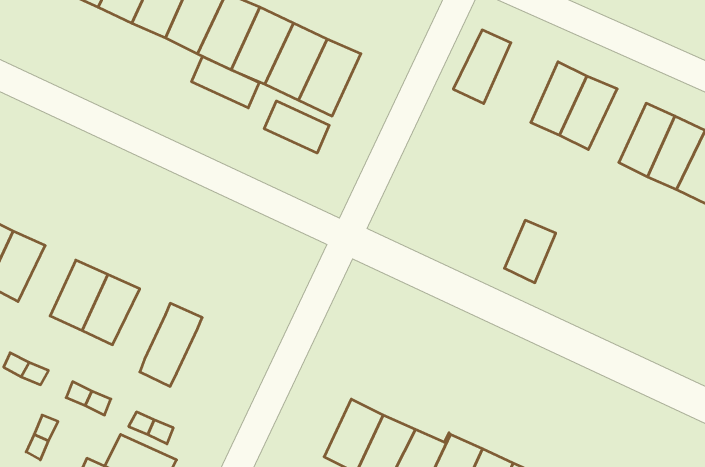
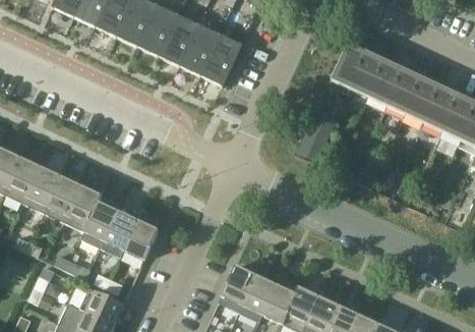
building: [453,30,511,104] -> [331,42,367,89]
building: [192,56,259,108] -> none
building: none -> [387,67,423,114]
building: [264,101,329,153] -> none
building: [504,220,556,283] -> [299,121,332,161]
building: none -> [24,167,61,212]
building: none -> [81,195,121,247]
building: none -> [125,220,159,259]

